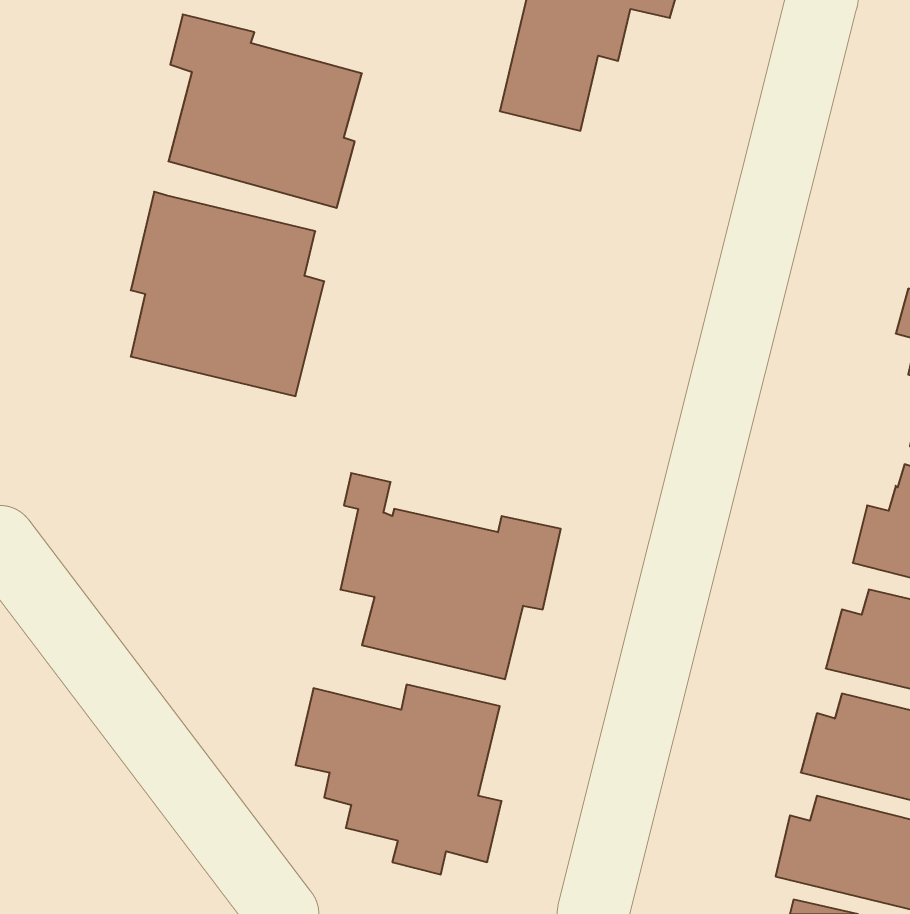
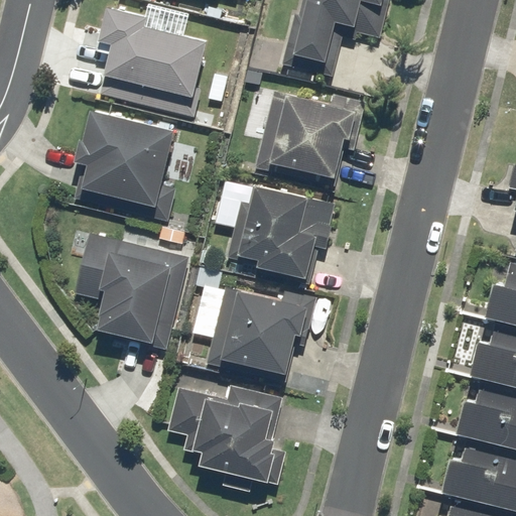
building: none -> [250,89,370,190]
building: none -> [227,185,318,285]
building: none -> [77,232,190,344]

